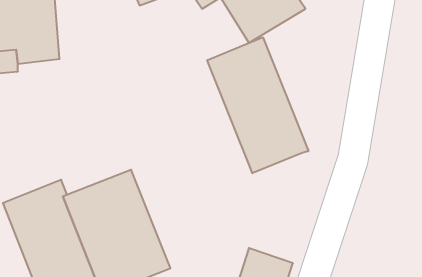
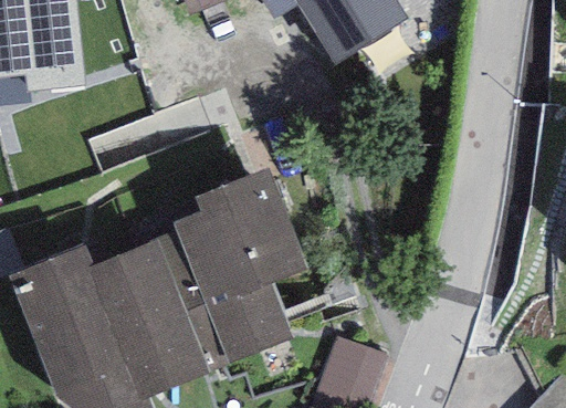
building: [207,37,308,173] -> none
building: none -> [174,166,307,360]

